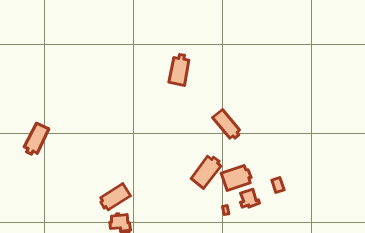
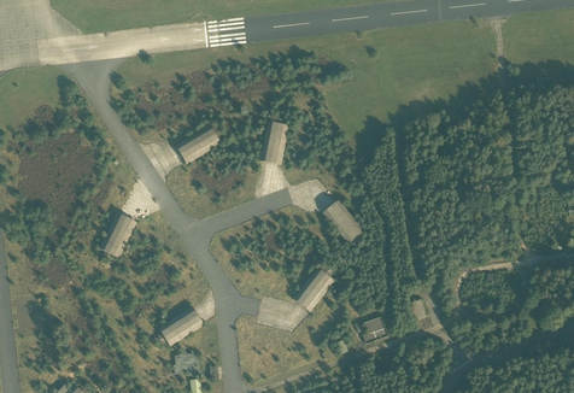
building: none -> [175,124,219,164]
building: [24,123,49,154] -> [99,212,135,258]
building: [221,165,251,190] -> none

